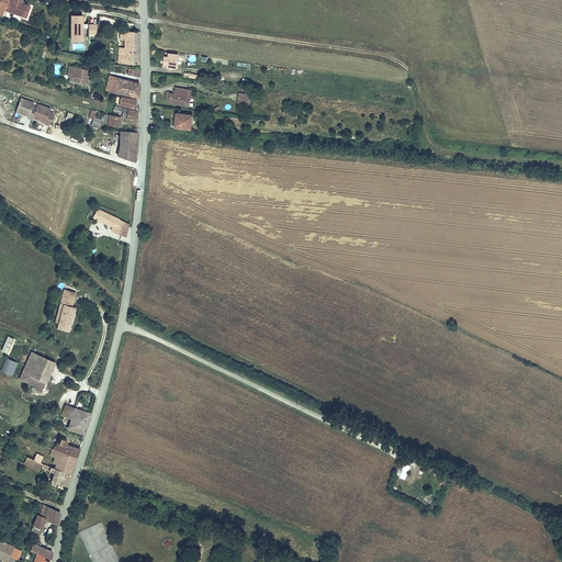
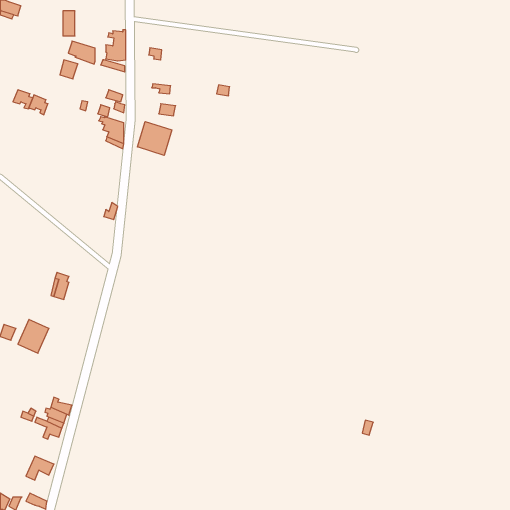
building: [108,77,137,102] -> [68,41,95,64]
building: none -> [137,122,172,155]
building: [59,405,88,434] -> none

